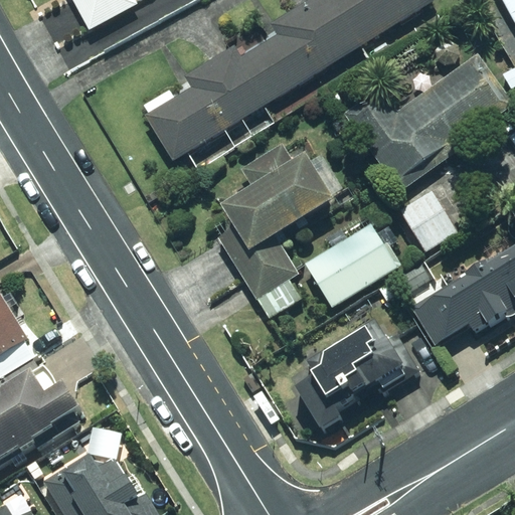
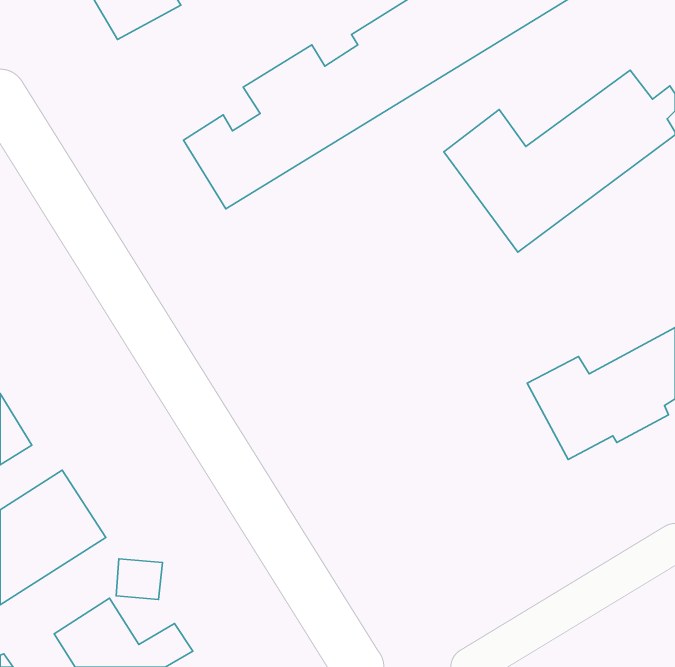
building: [215,133,343,319] -> none
building: [394,187,459,255] -> none
building: [302,212,399,306] -> none
building: [295,330,418,437] -> none

